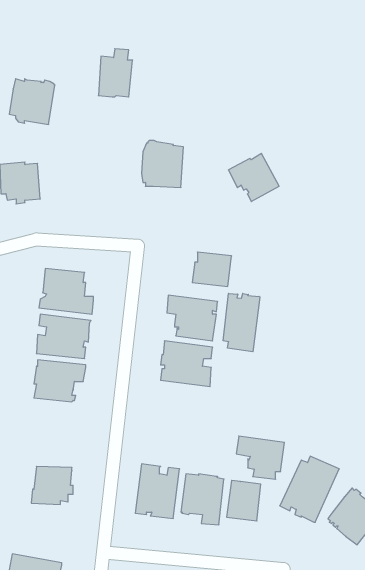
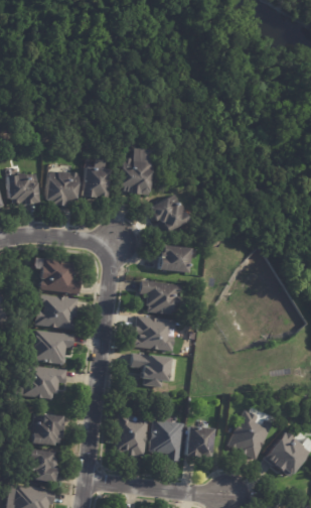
building: [98,49,133,97] -> [83,158,110,197]
building: [9,79,55,124] -> [43,169,80,206]
building: [228,153,279,202] -> [147,195,187,233]
building: [223,293,260,352] -> none
building: none -> [16,365,67,399]
building: [236,436,284,479] -> [132,353,170,387]
building: none -> [24,449,58,483]

